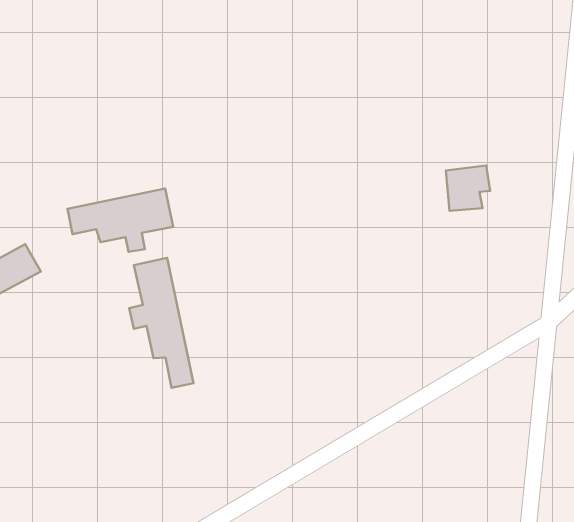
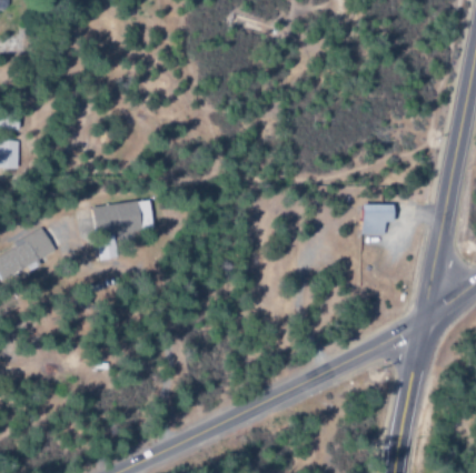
building: [129,258,193,388] -> none

